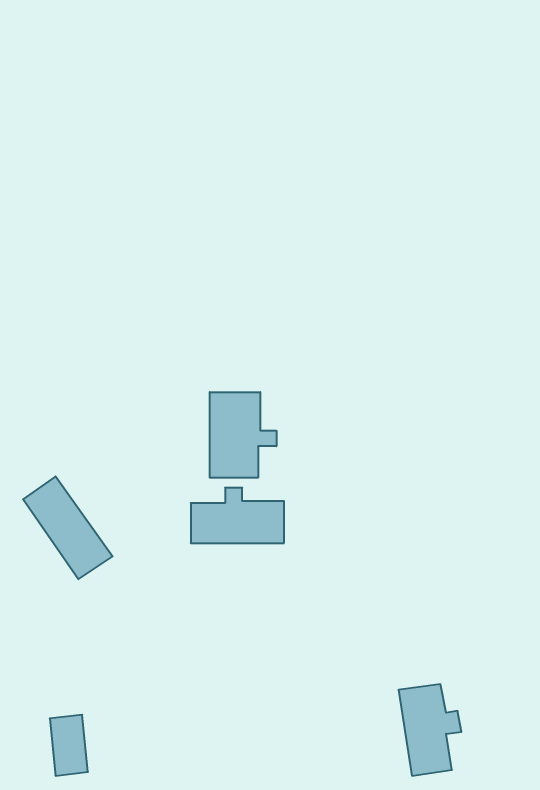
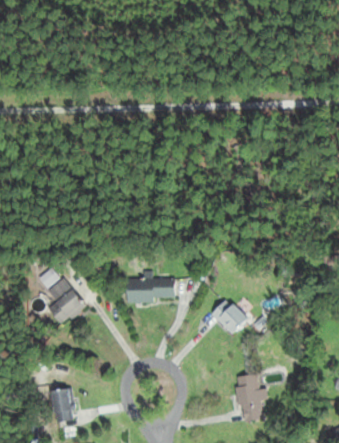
building: [210,392,276,478] -> none
building: none -> [211,298,248,335]

